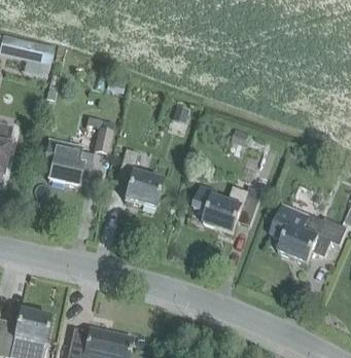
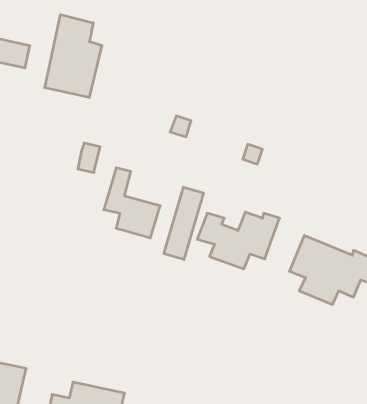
building: none -> [45,15,102,98]
building: [43,139,92,186] -> none
building: none -> [164,187,203,260]

